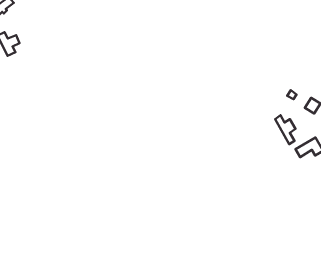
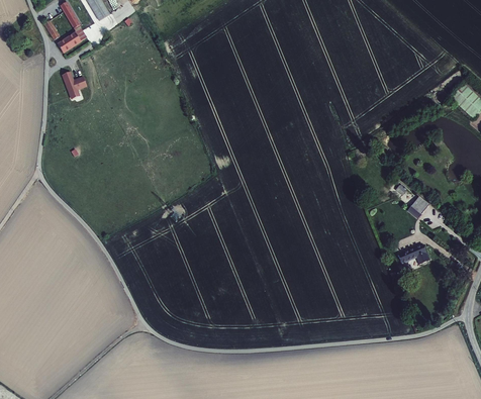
building: [275,115,296,144] -> none

